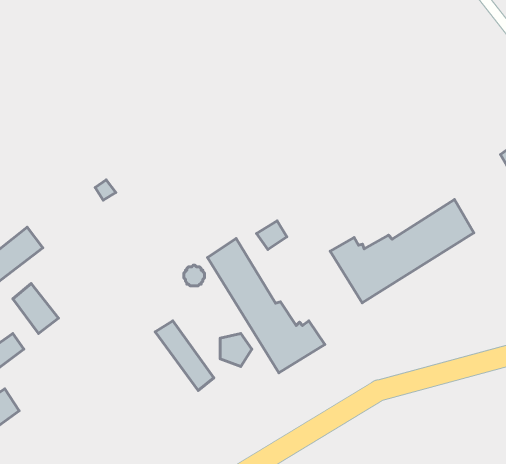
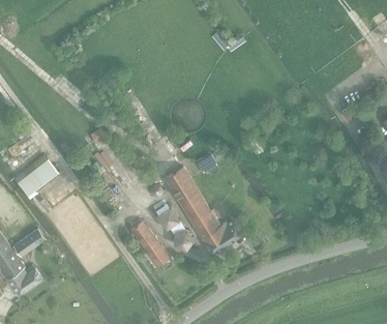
building: [330,200,474,303] -> none
building: [13,283,58,333] -> none

